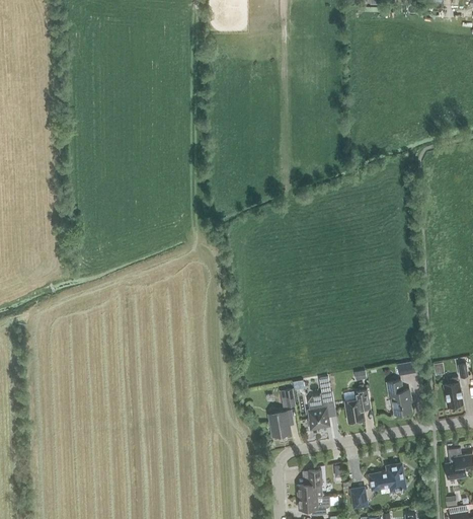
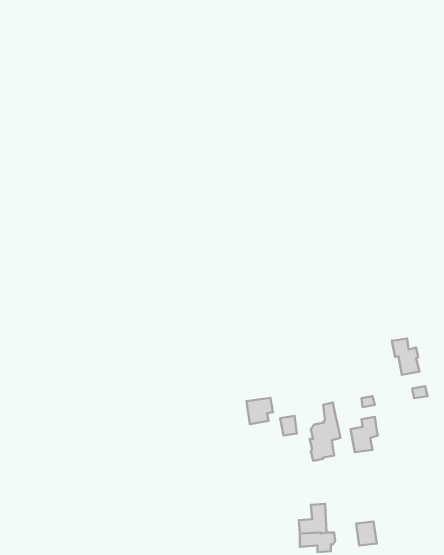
building: [386,381,411,415] -> [392,339,419,375]
building: [269,412,294,436] -> [246,398,273,424]
building: [370,464,405,491] -> none

